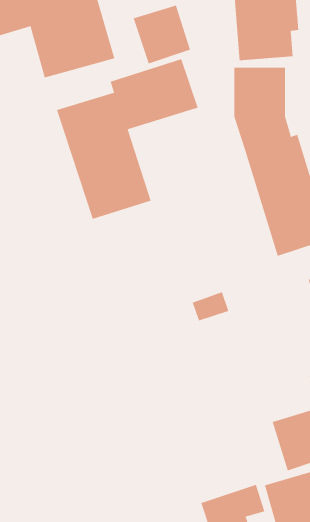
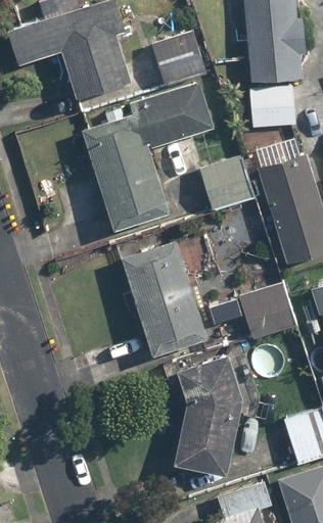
building: none -> [200,155,253,209]
building: none -> [123,240,207,355]
building: none -> [237,281,295,340]
building: none -> [175,356,242,476]

